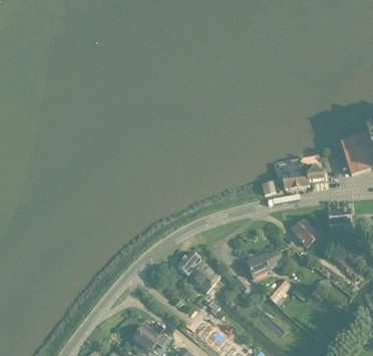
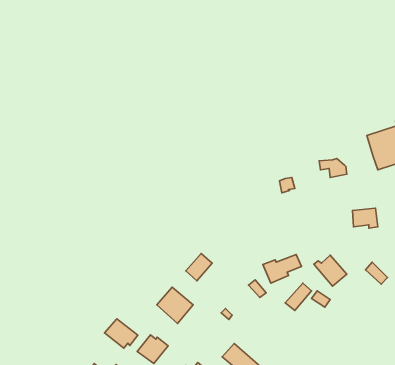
building: [282,166,309,188] -> none
building: [289,219,319,247] -> [314,255,347,286]
building: [186,260,220,293] -> [157,287,193,324]
building: none -> [104,319,138,348]

